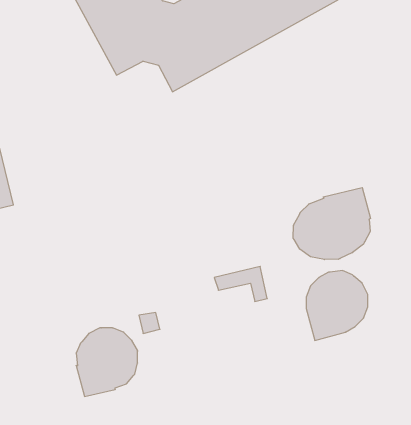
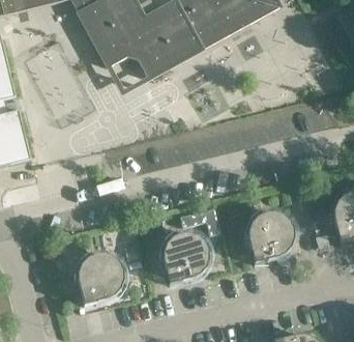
building: [293,188,371,260] -> none
building: none -> [164,232,209,283]

